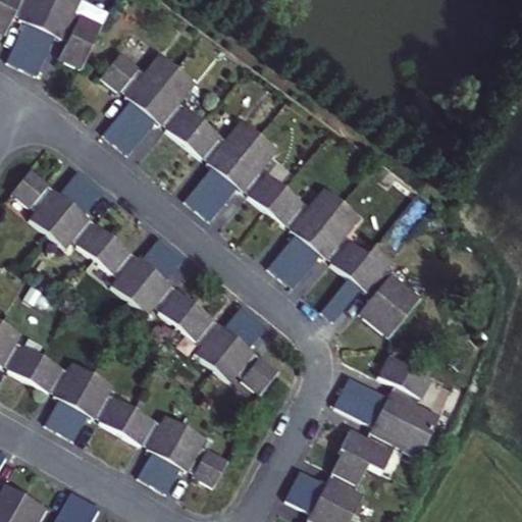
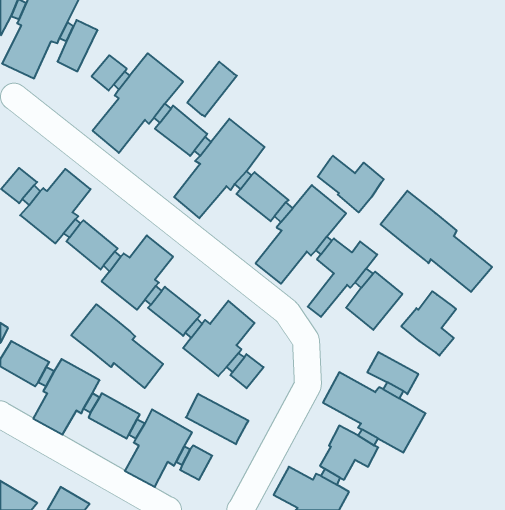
building: none -> [187,62,237,117]
building: none -> [318,156,384,212]
building: none -> [381,191,492,292]
building: none -> [401,291,456,356]
building: none -> [71,304,163,388]
building: none -> [186,394,248,444]

